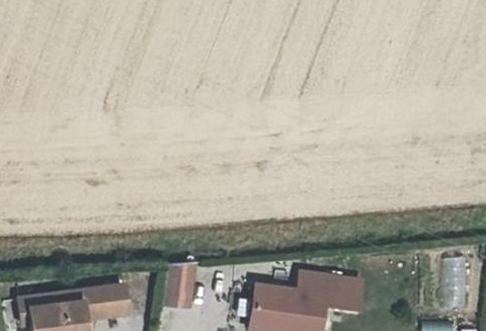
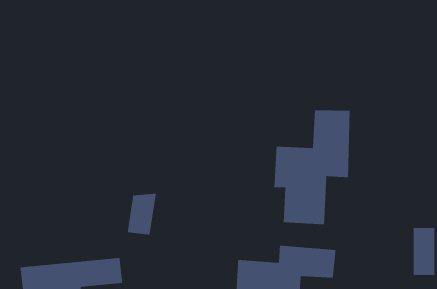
building: none -> [273,109,351,225]
building: [167,259,198,304] -> [127,193,157,236]

